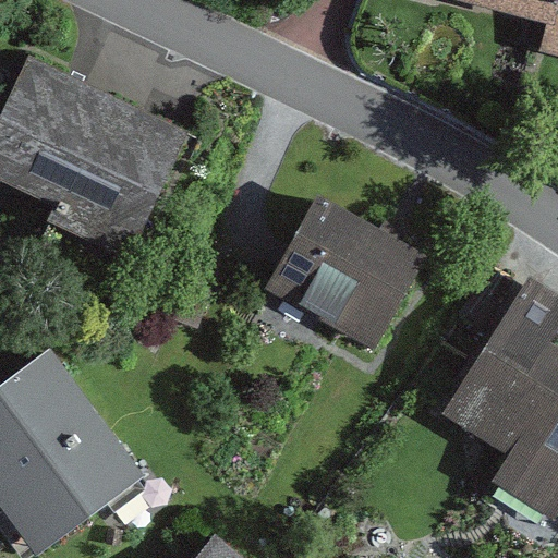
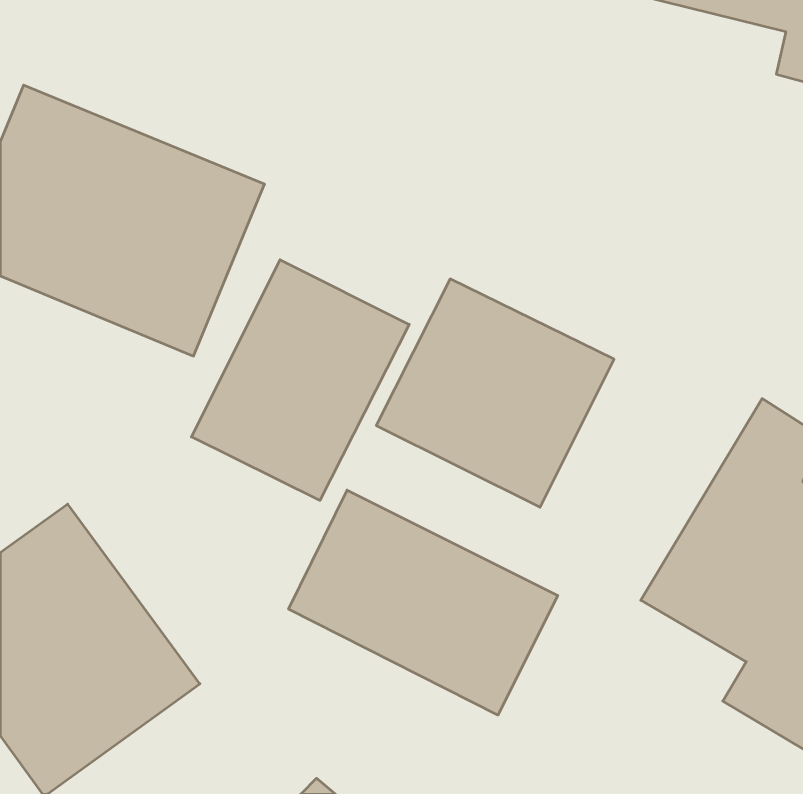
building: none -> [191,260,409,500]
building: none -> [289,490,558,715]

